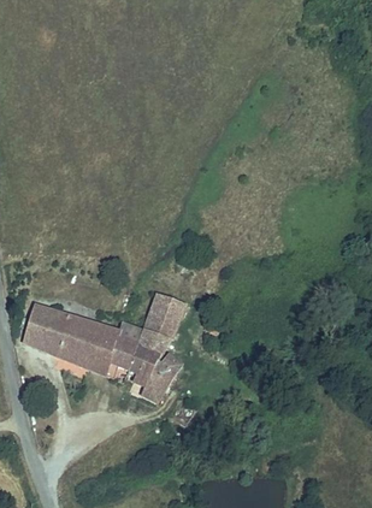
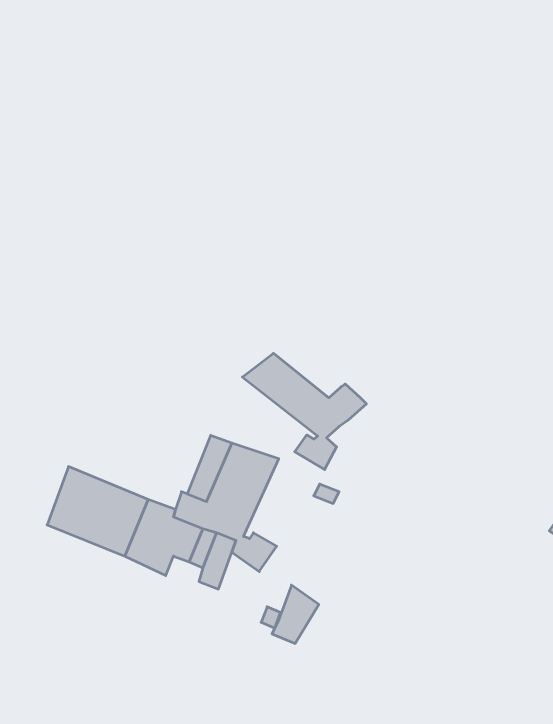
building: none -> [242,353,366,470]
building: [23,303,53,347] -> none
building: [142,364,171,400] -> [272,585,319,643]

